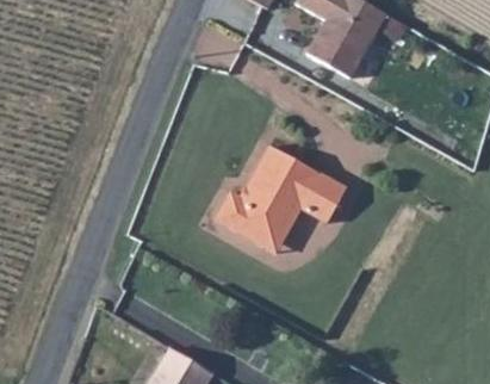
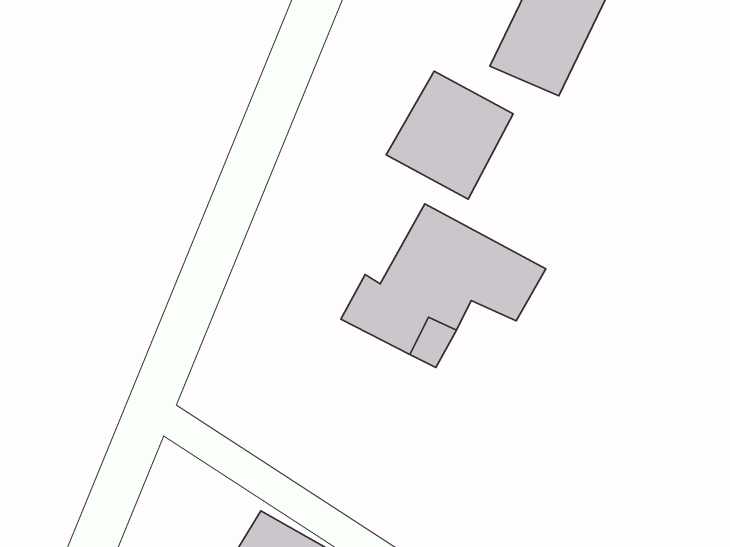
building: none -> [386,71,513,199]

